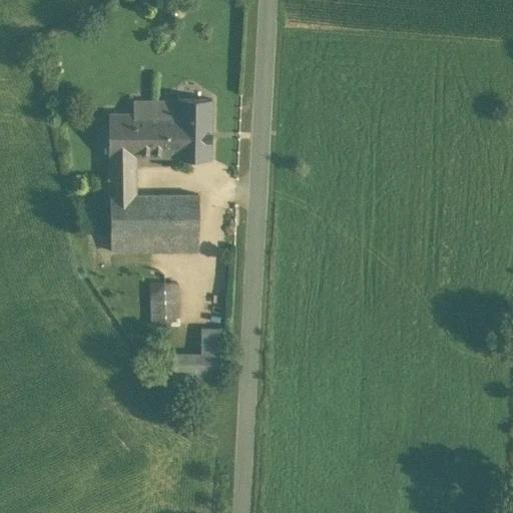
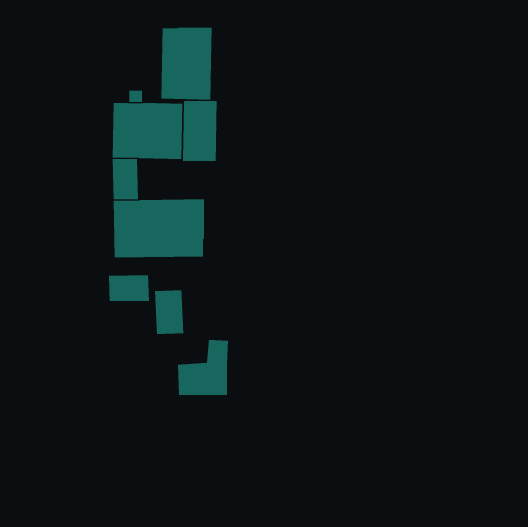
building: none -> [161,27,212,100]
building: none -> [108,275,150,302]

